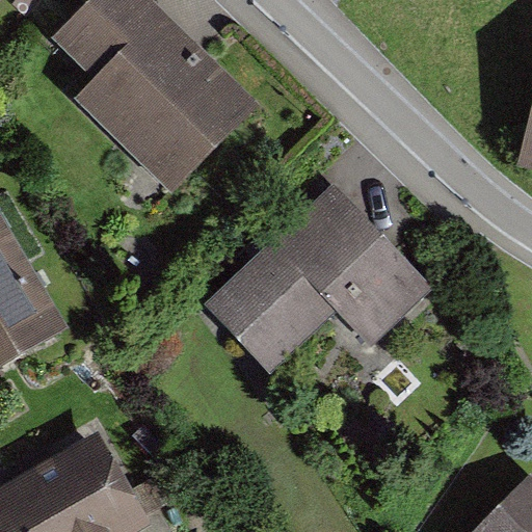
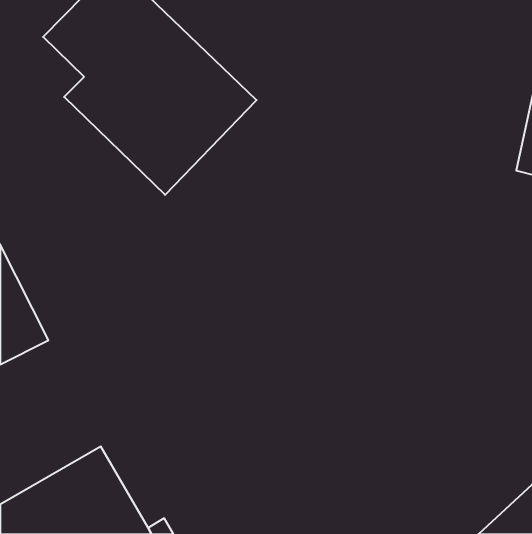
building: [203,184,432,371] -> none

